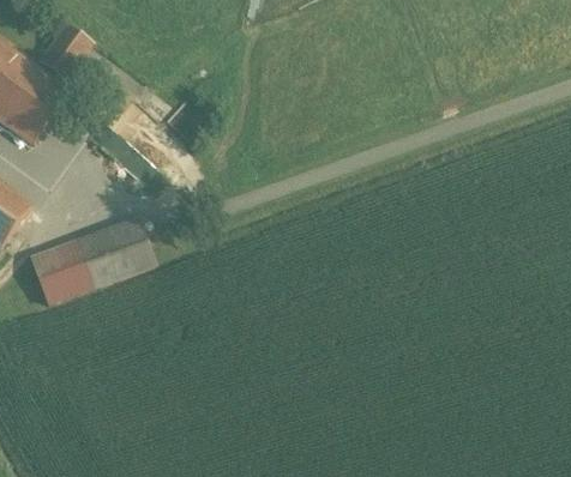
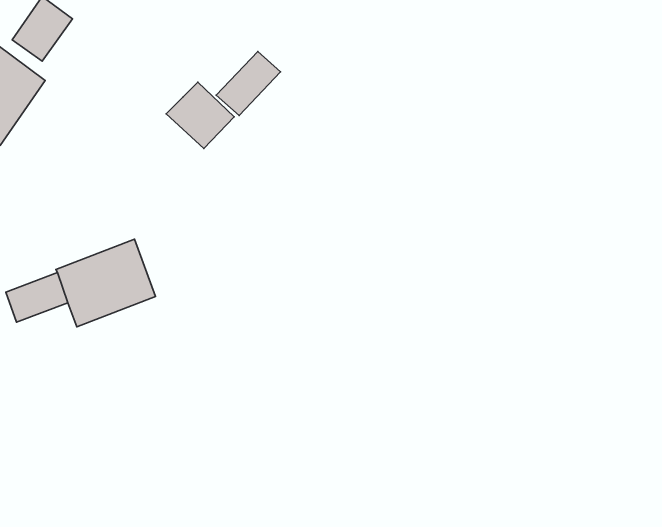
building: none -> [216,52,281,115]
building: [42,265,90,300] -> none

